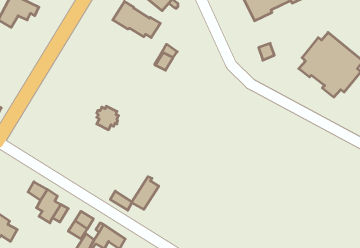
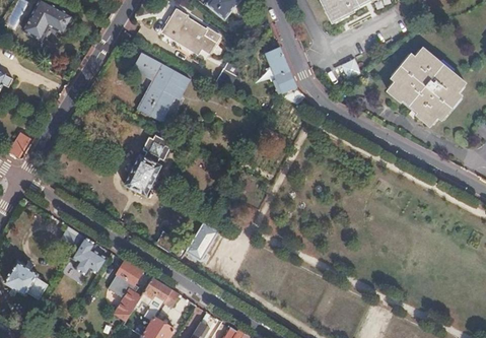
building: none -> [265,48,301,102]
building: none -> [132,54,189,121]
building: none -> [125,154,160,195]

